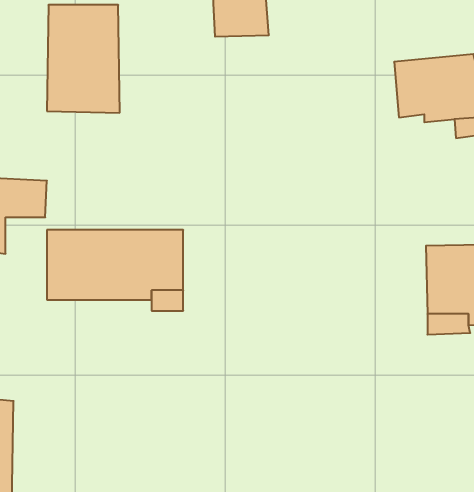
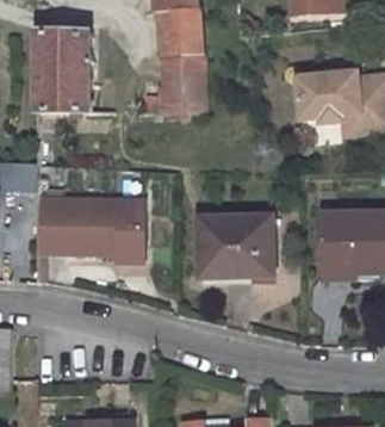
building: none -> [156,54,206,115]
building: none -> [201,216,274,276]

